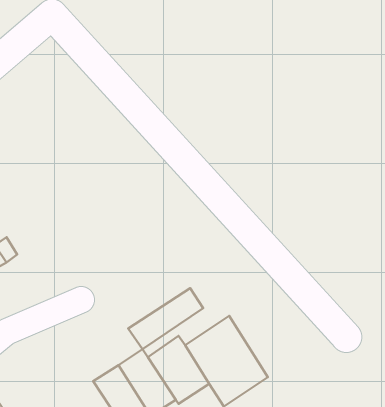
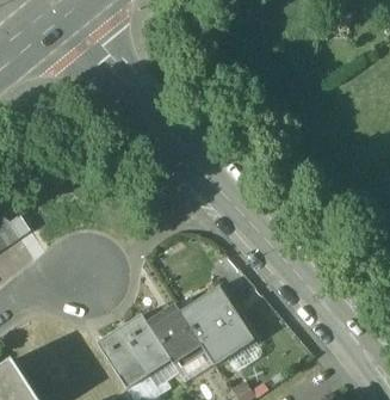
building: [128,288,203,349] -> none

